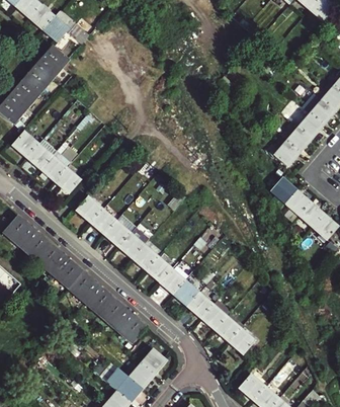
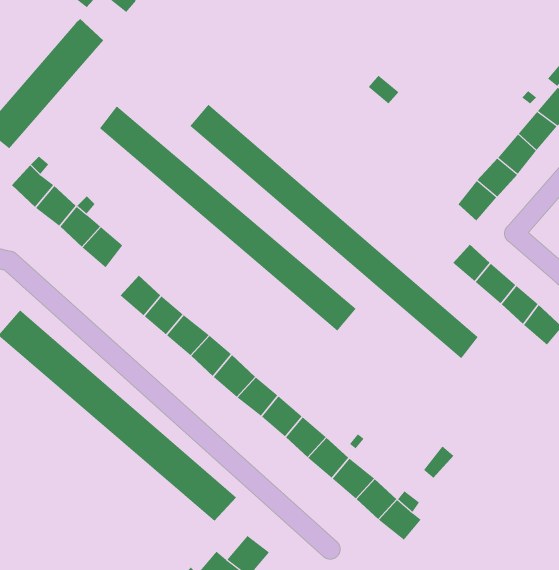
building: none -> [189,104,479,359]
building: none -> [99,106,357,331]

